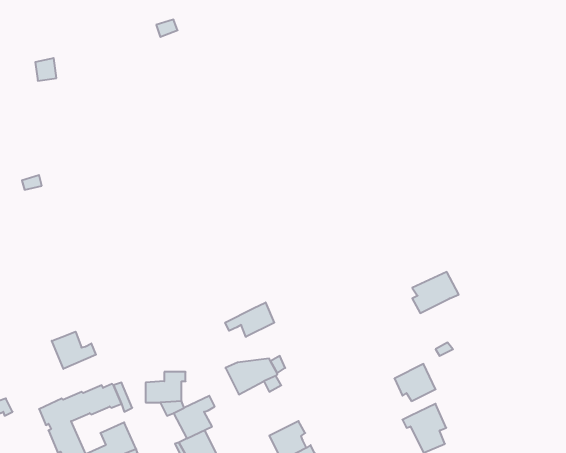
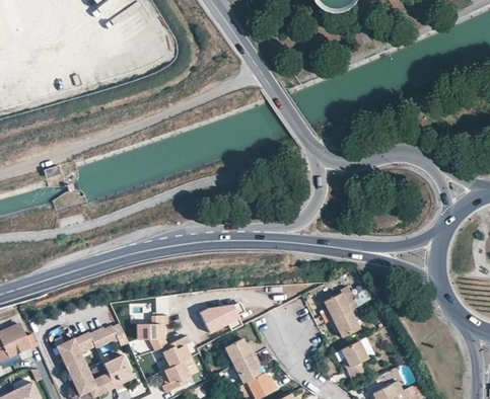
building: [412,272,459,313] -> [323,290,358,321]
building: [225,302,274,337] -> none
building: [52,332,96,369] -> none
building: none -> [224,337,256,365]

